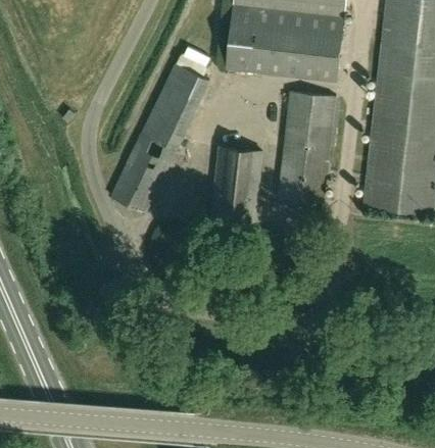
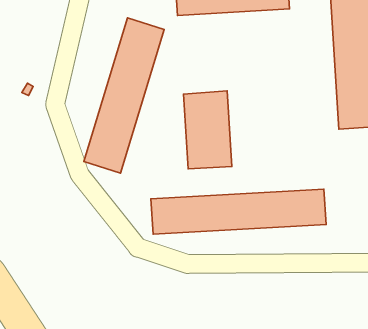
building: [279,91,334,201] -> none
building: none -> [151,189,326,234]

